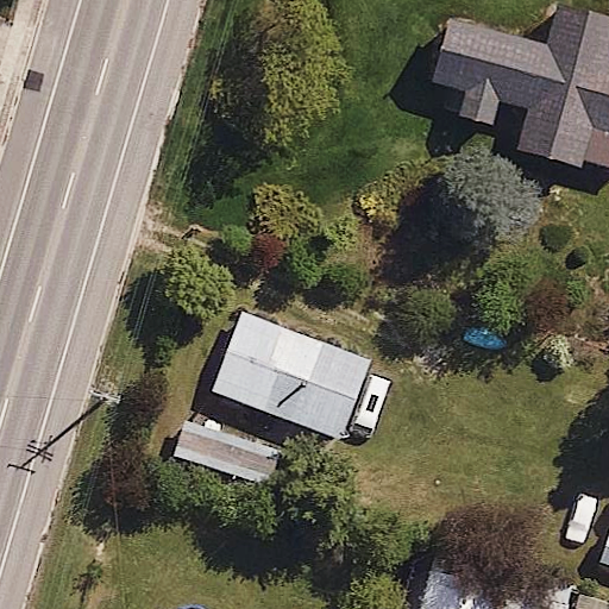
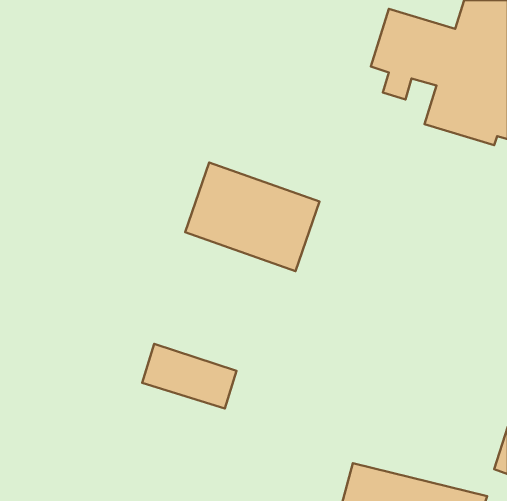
building: [213,310,373,440] -> [185,163,319,271]

